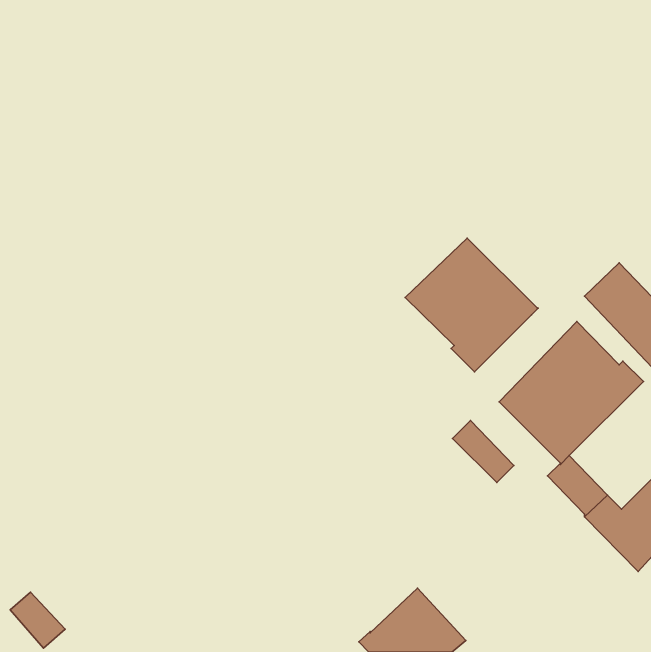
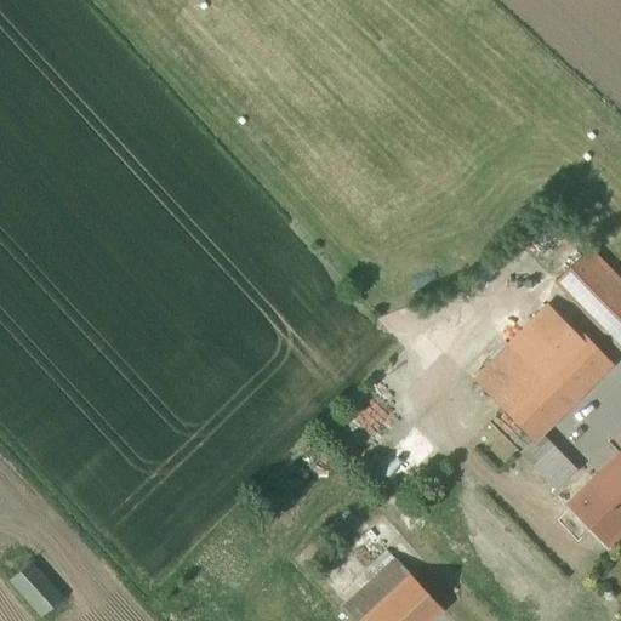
building: [405,238,538,372] -> none
building: [452,421,514,483] -> none

